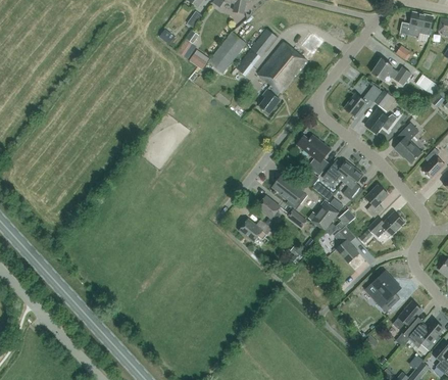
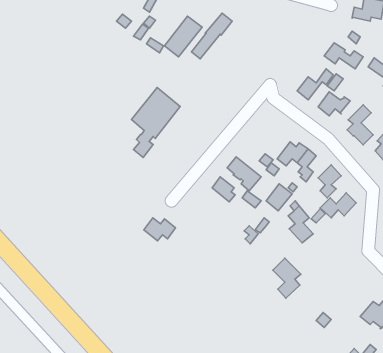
building: [257,42,307,113] -> [131,87,180,157]
building: [293,136,331,175] -> none
building: [239,219,271,242] -> [144,218,176,241]
building: [372,272,401,313] -> [273,258,301,298]
building: [393,301,422,337] -> none

